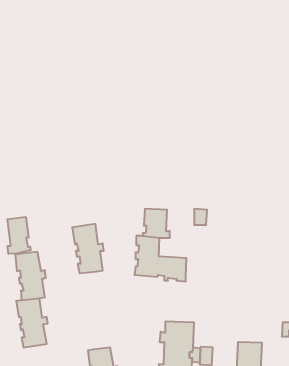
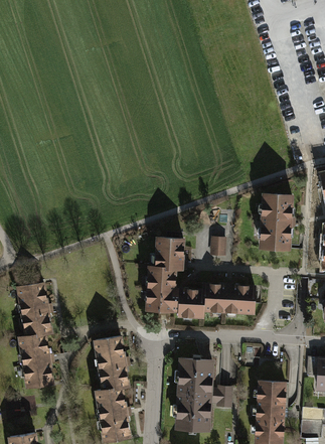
building: none -> [260,194,293,250]
building: [7,217,31,254] -> none
building: [72,224,104,273] -> [94,336,128,390]
building: none -> [201,282,254,312]

